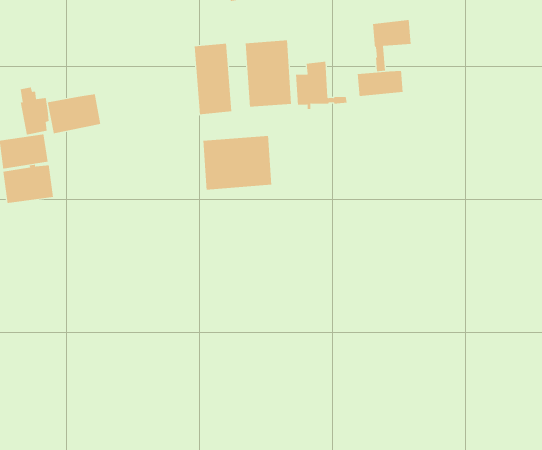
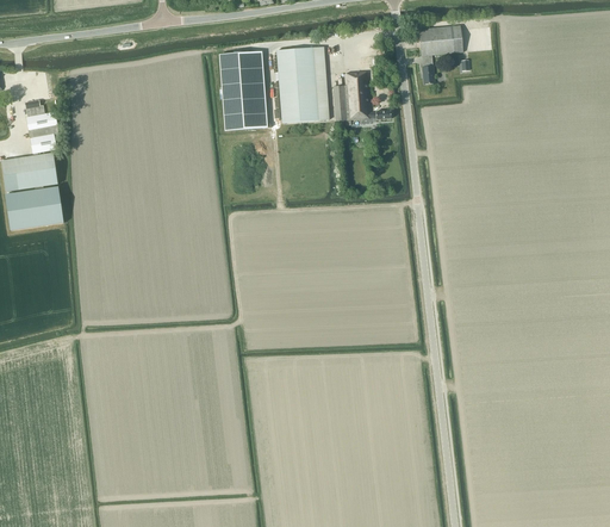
building: [357,70,403,97] -> none
building: [47,93,101,134] -> none
building: [203,135,272,190] -> none

